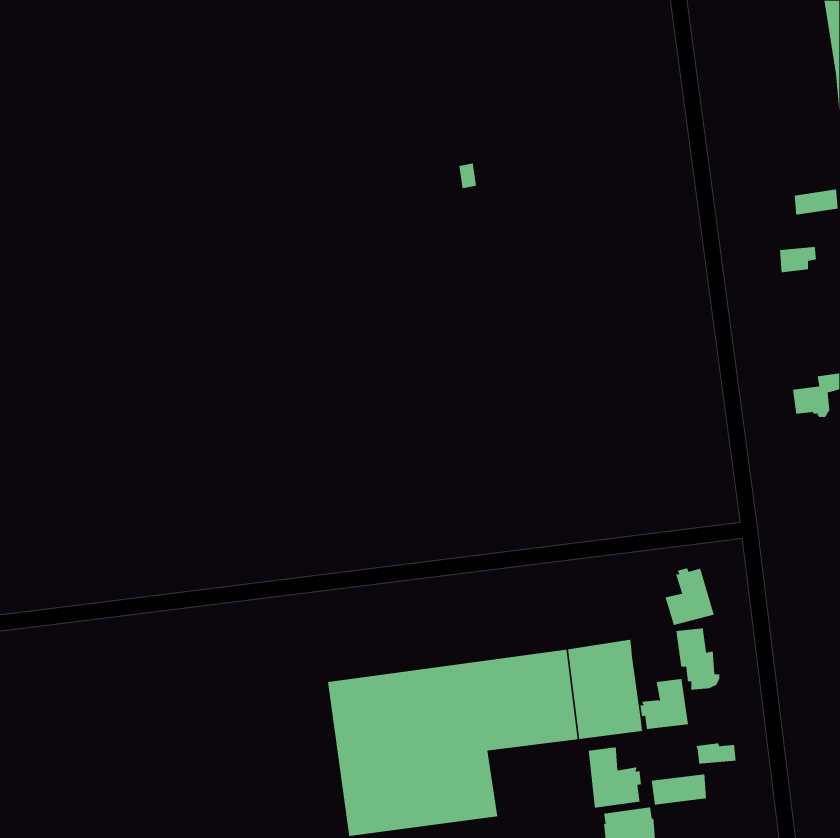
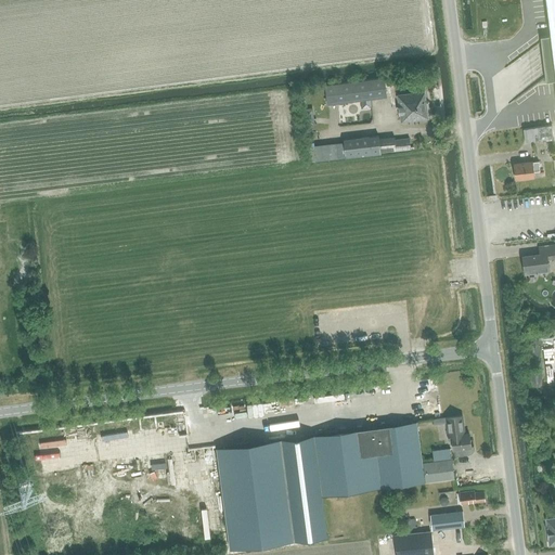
building: none -> [325,80,387,107]
building: none -> [397,93,427,124]
building: none -> [313,137,410,164]
building: [665,568,714,626] -> none
building: [588,747,641,809] -> none

